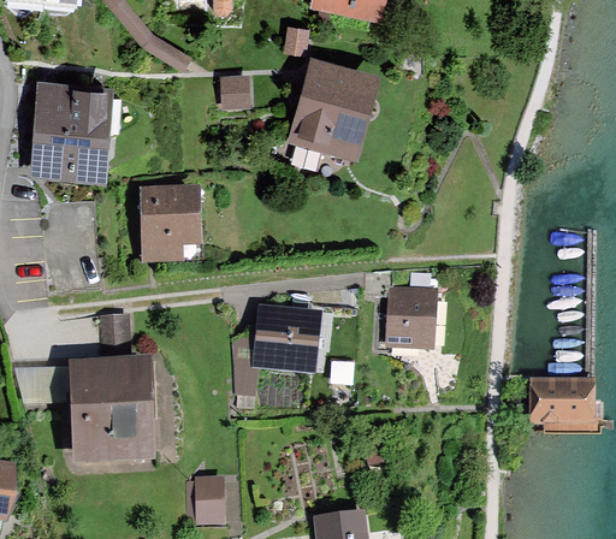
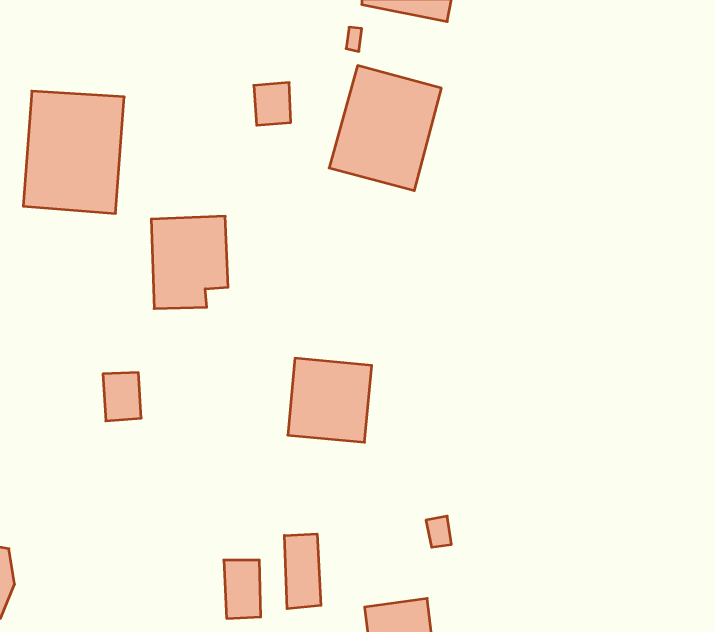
building: [387,285,440,349] -> none
building: [65,357,156,466] -> none
building: [532,377,600,422] -> none
building: none -> [284,534,321,609]

